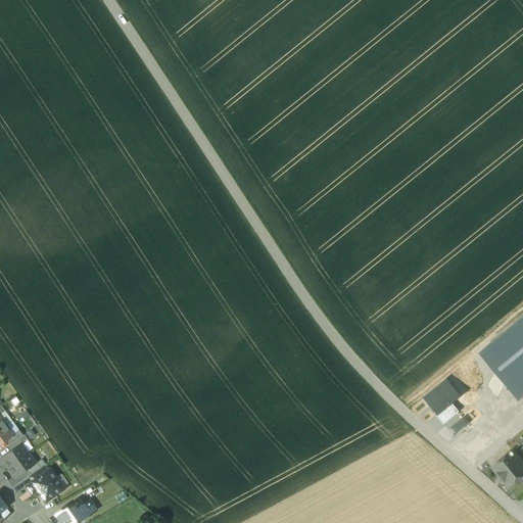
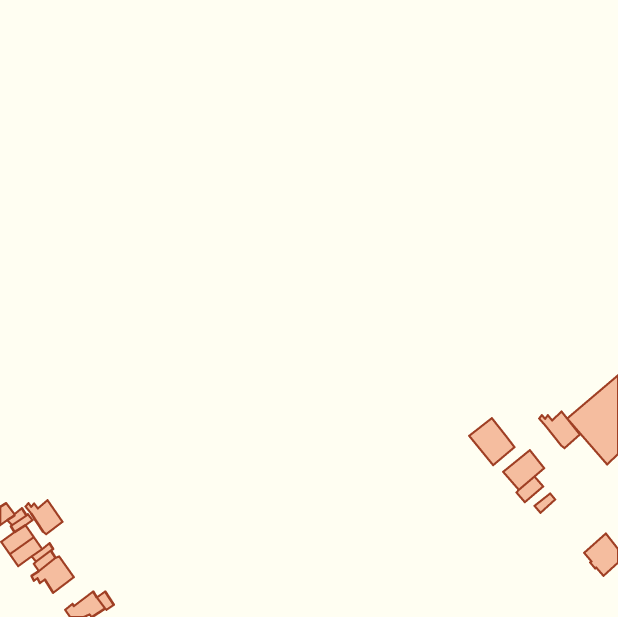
building: none -> [539,411,580,448]
building: none -> [469,418,514,465]
building: none -> [26,500,62,534]

